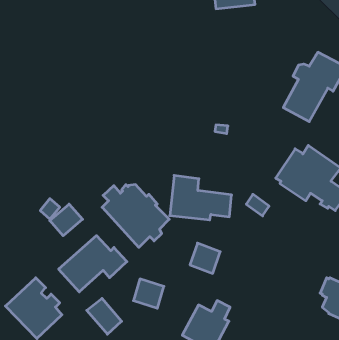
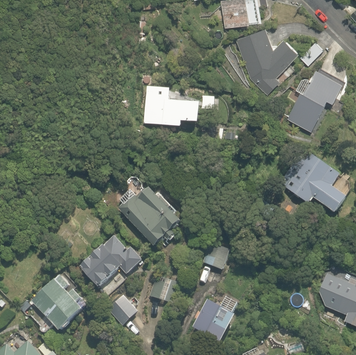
building: none -> [234,27,299,94]
building: [170,175,232,220] -> [142,86,199,127]
building: [50,204,83,236] -> none

